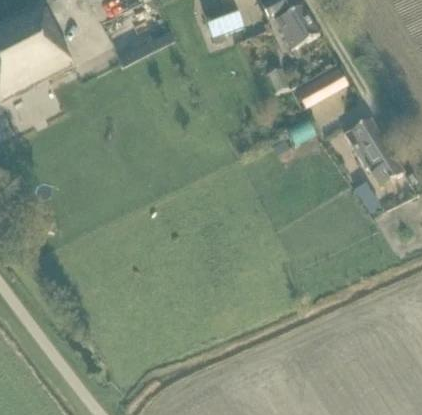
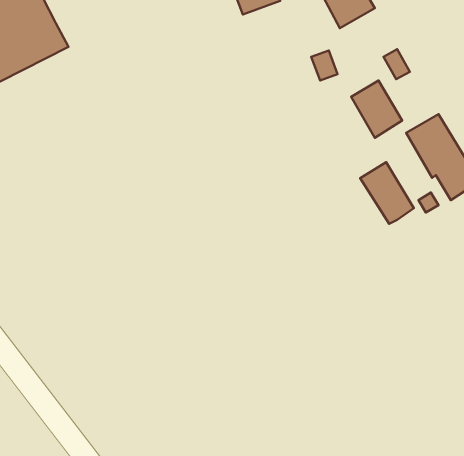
building: none -> [360,162,414,224]

